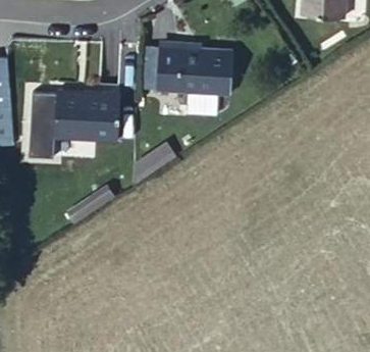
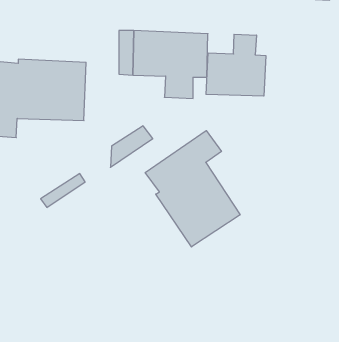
building: none -> [206,34,266,96]
building: none -> [145,131,240,247]

